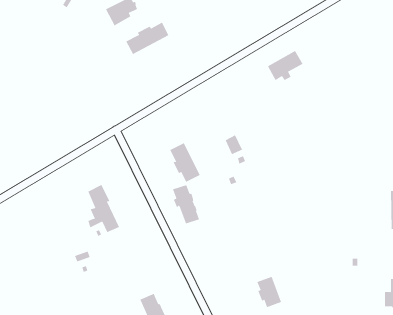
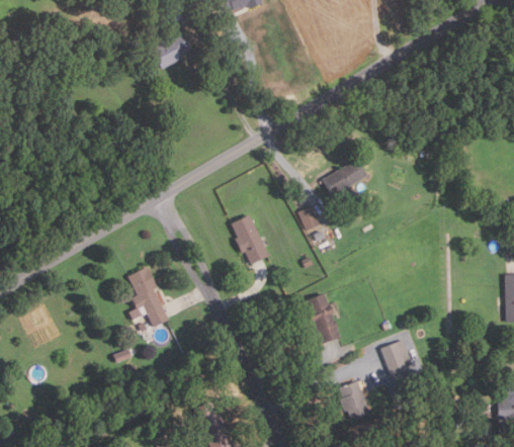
building: [126,22,169,55] -> none
building: [267,50,304,81] -> [322,160,367,198]
building: [172,184,200,224] -> [307,294,341,344]
building: none -> [381,340,413,376]

